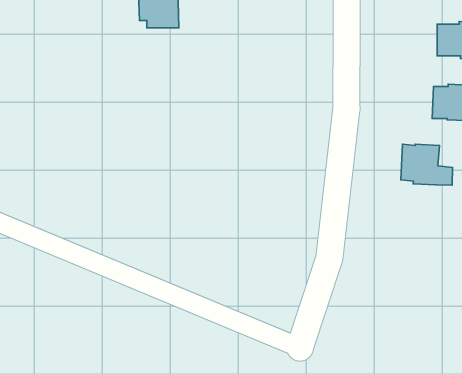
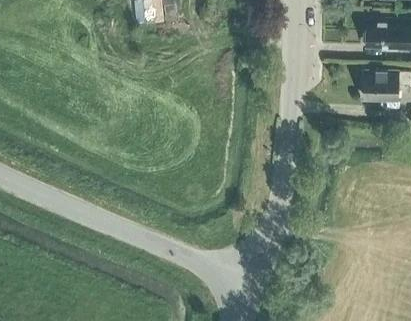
building: [401,144,453,185] -> none

